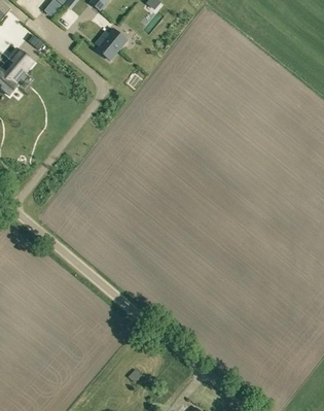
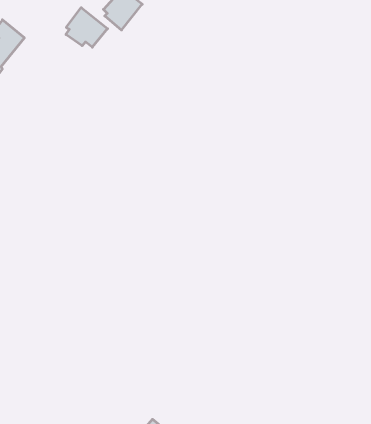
building: none -> [66,8,108,47]

